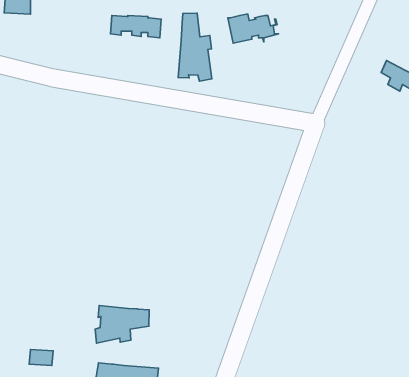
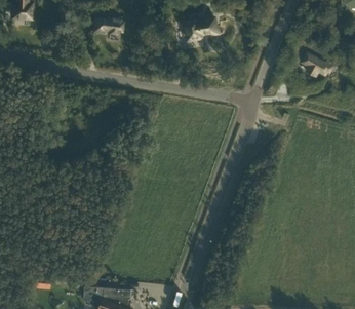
building: [178,13,212,81] -> none
building: [95,305,149,343] -> none

